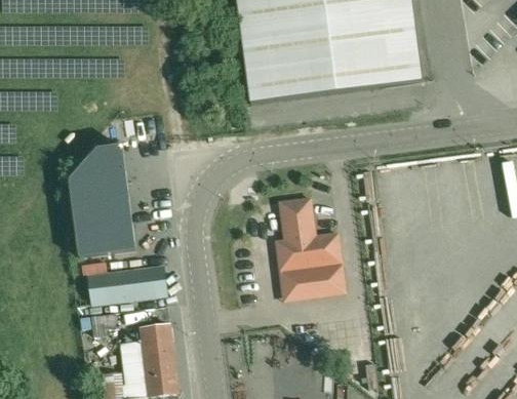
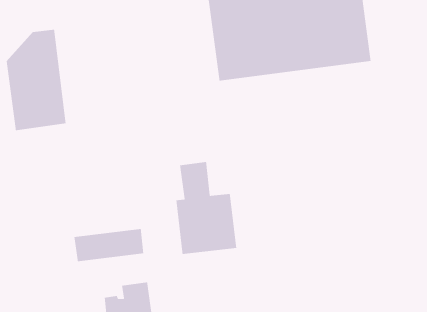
building: [69,144,136,257] -> [6,29,67,131]
building: [276,196,345,301] -> [175,161,237,255]

